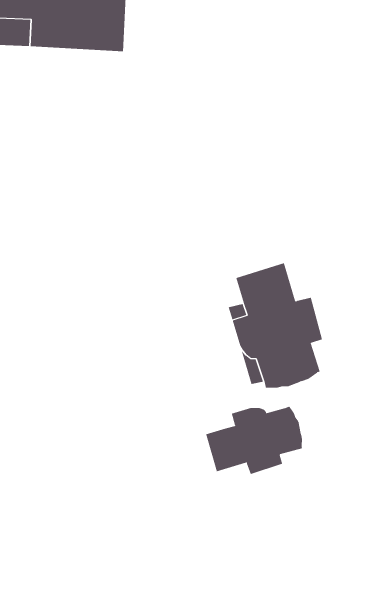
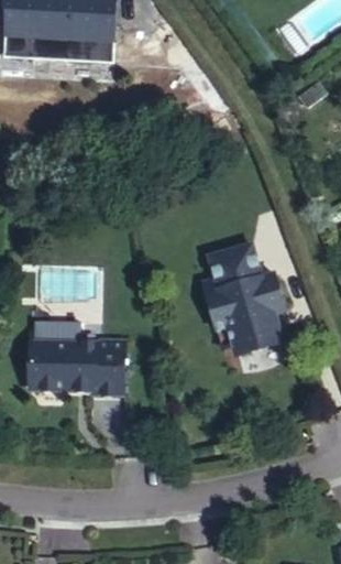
building: none -> [29,337,123,393]
building: [206,406,302,475] -> none

